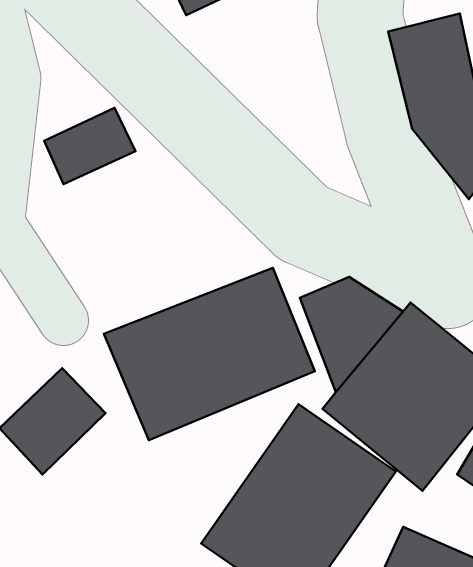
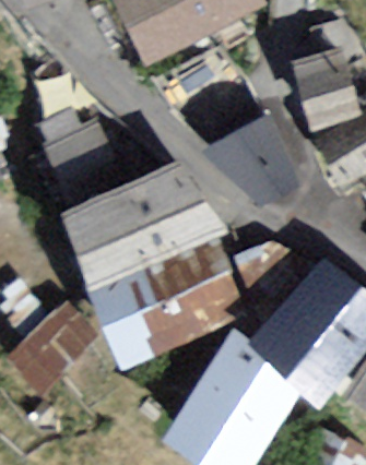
building: none -> [200,121,296,204]
building: none -> [61,167,225,284]

